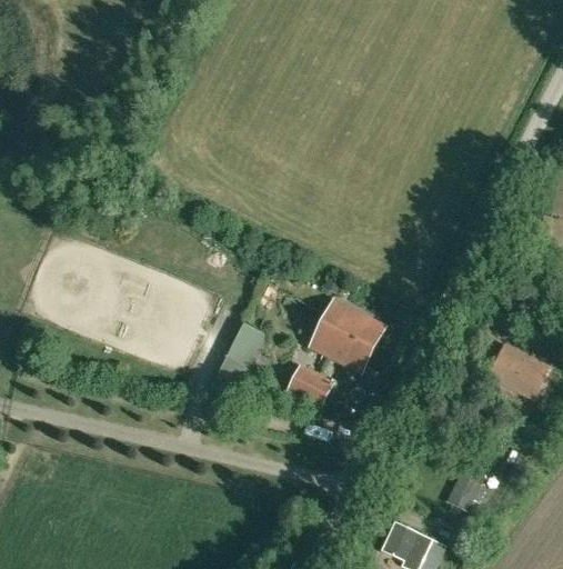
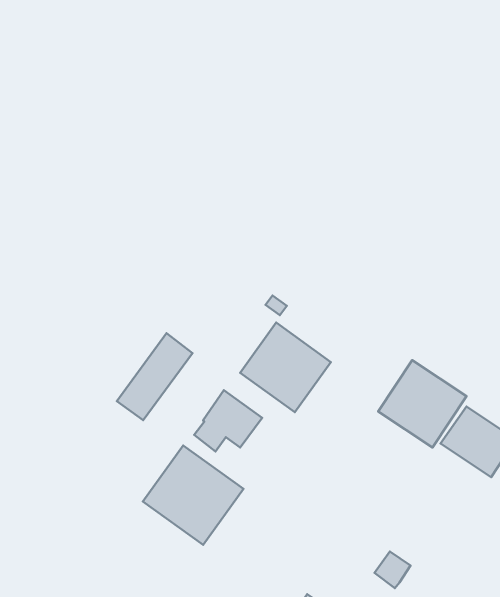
building: none -> [378,360,466,447]
building: none -> [143,445,243,545]

